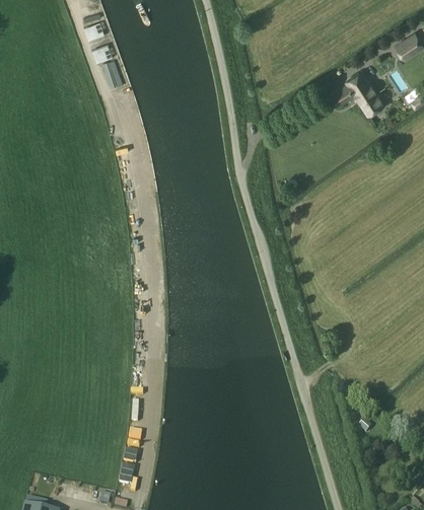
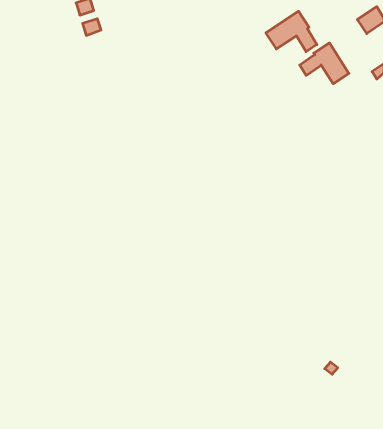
building: none -> [266,11,317,52]

